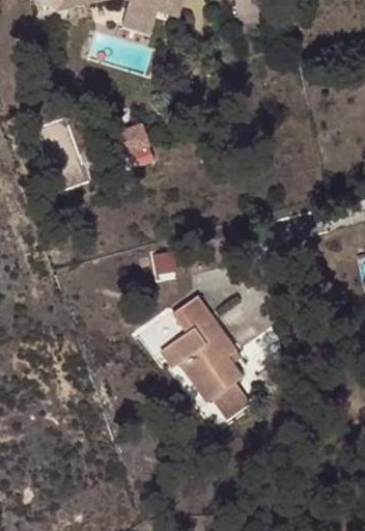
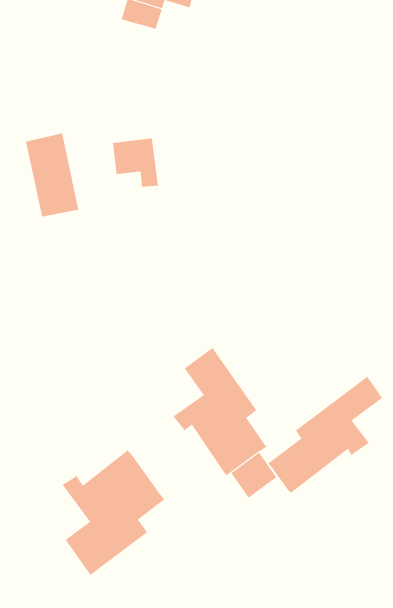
building: none -> [268,376,383,493]
building: none -> [62,450,165,576]

